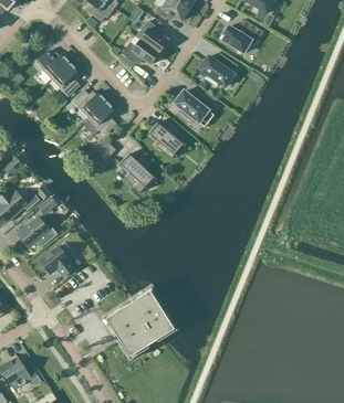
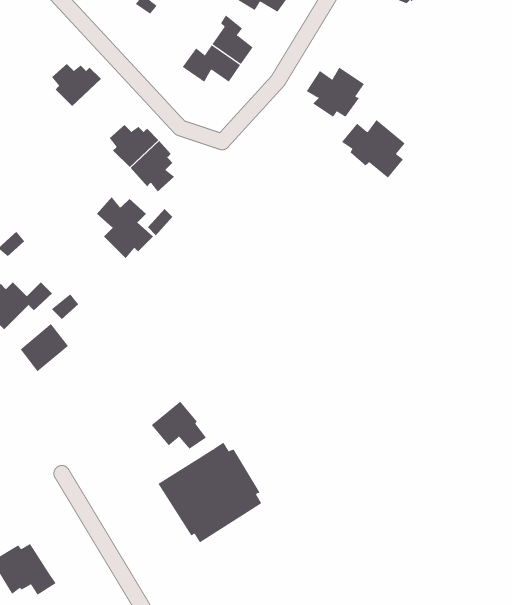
building: [222,19,263,53] -> none
building: [51,62,80,95] -> none
building: [174,89,215,127] -> [341,119,406,179]
building: [148,123,186,159] -> none
building: [119,153,156,193] -> [96,196,154,259]
building: [39,245,74,276] -> [151,401,207,450]

